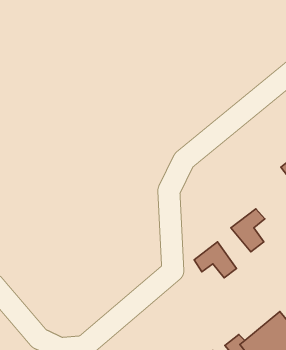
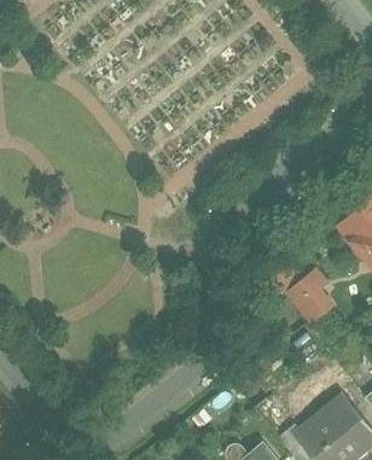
building: [194,242,236,278] -> none

